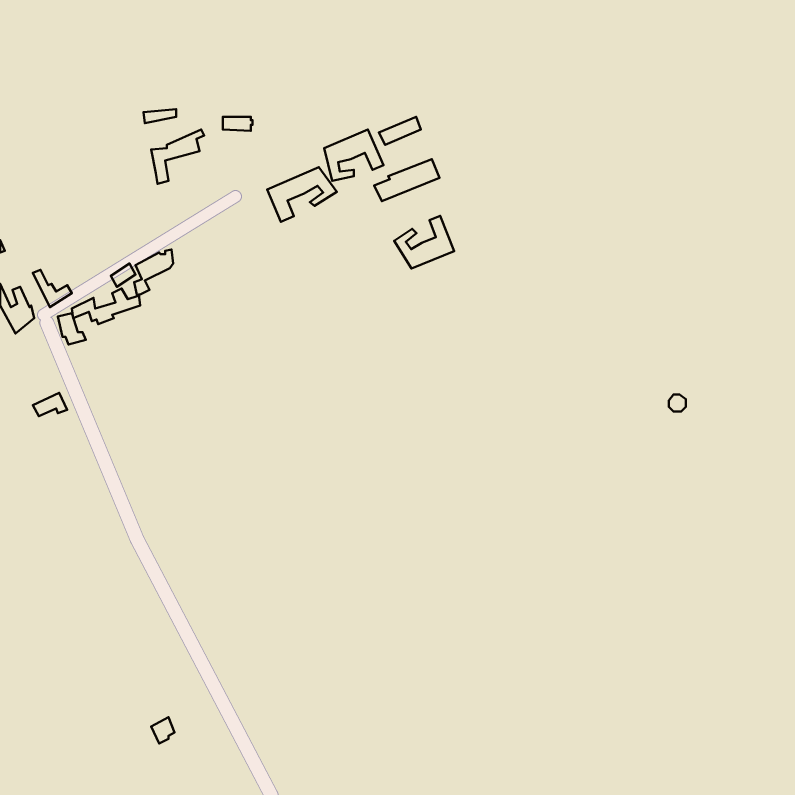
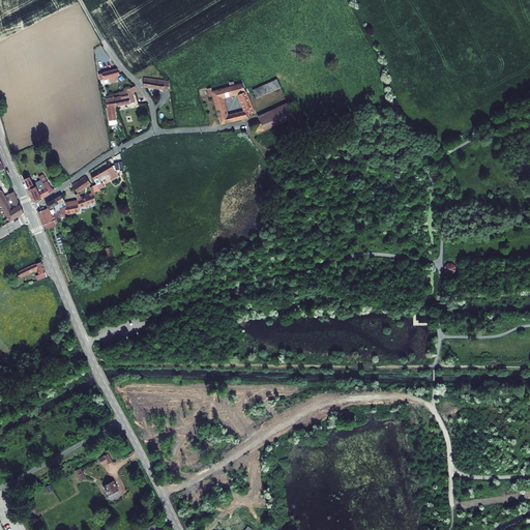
building: [267,167,337,222] -> none
building: [394,216,454,269] -> none

